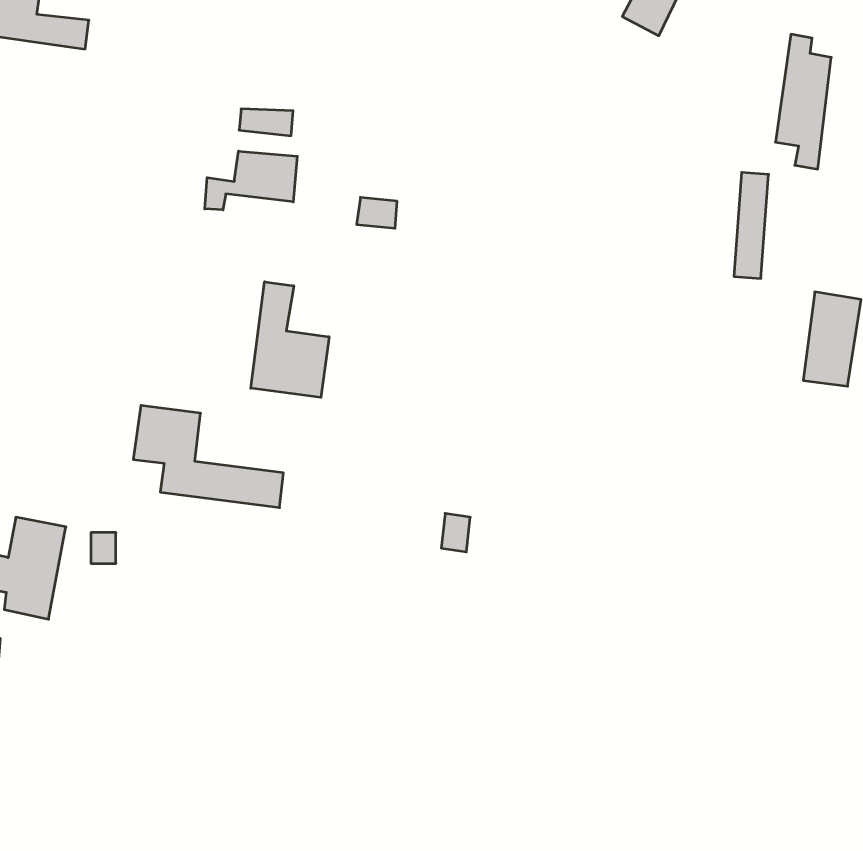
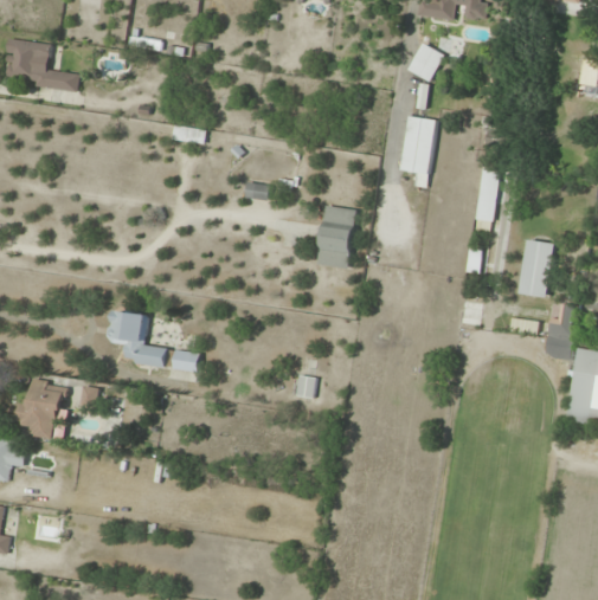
building: [775,34,831,169] -> [400,105,435,188]
building: [205,151,297,210] -> none
building: none -> [316,205,355,269]
building: [251,282,329,397] -> none

